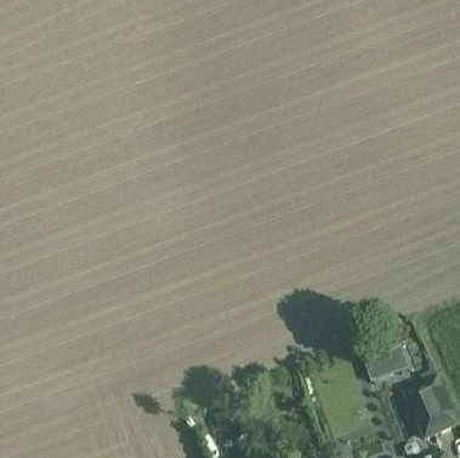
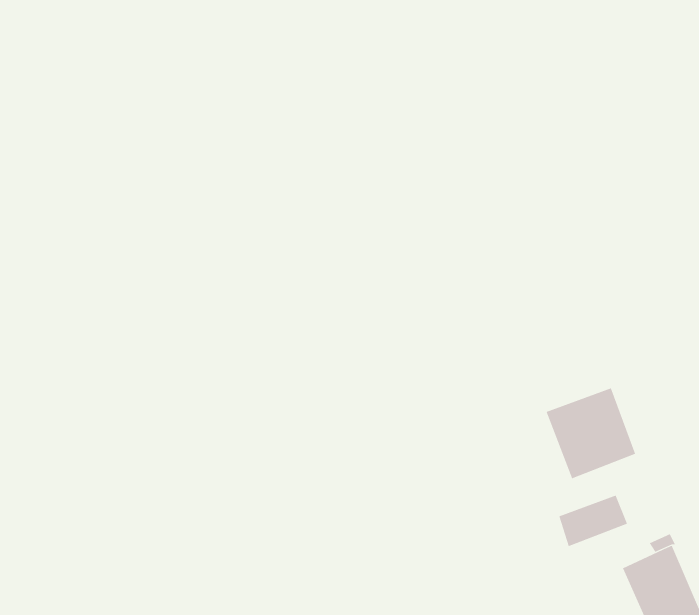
building: none -> [546,388,636,479]

